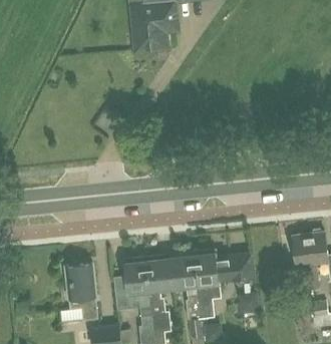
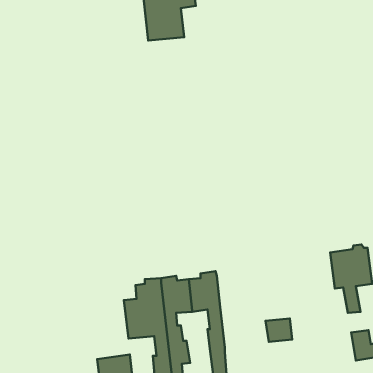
building: [194,250,254,318] -> none
building: [65,264,98,320] -> none

